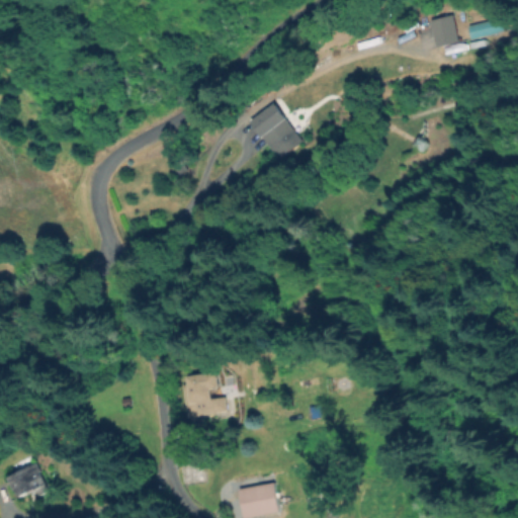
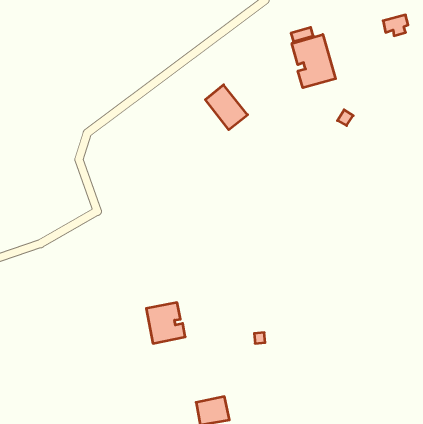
building: [429,15,458,55] -> none
building: none -> [292,34,336,88]
building: [8,462,50,498] -> none

